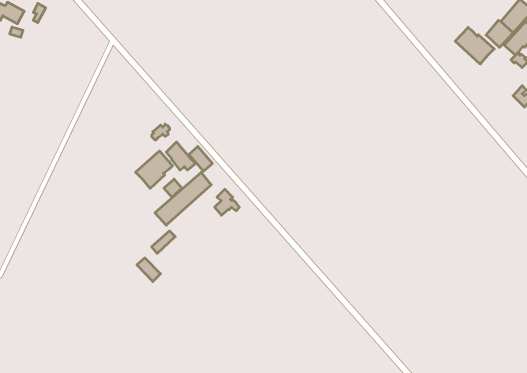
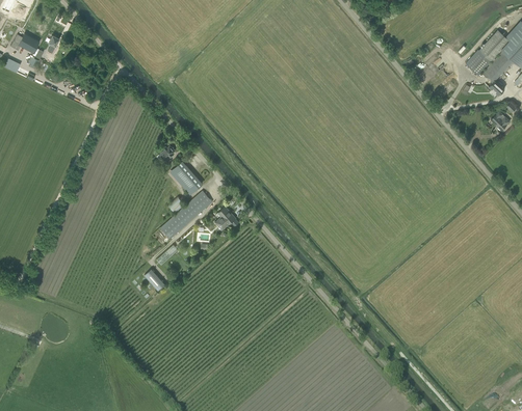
building: [455,27,494,64] -> none
building: [136,151,173,188] -> none

